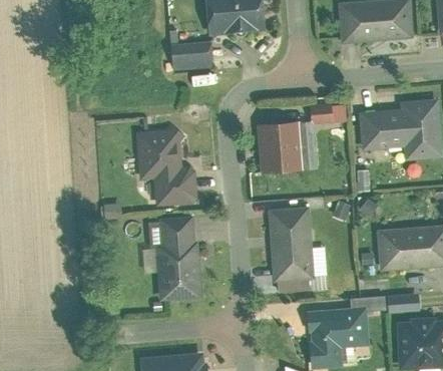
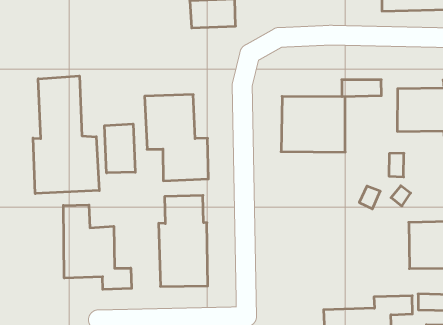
building: none -> [33,76,99,194]
building: none -> [105,124,135,173]
building: [268,206,315,281] -> none
building: none -> [63,205,132,289]

